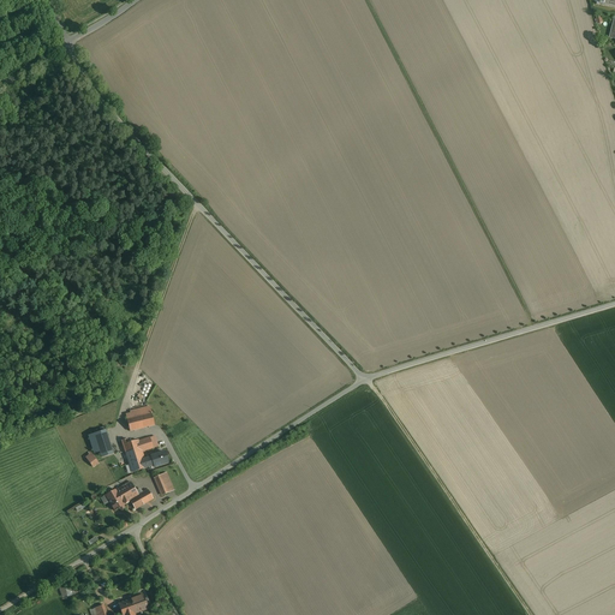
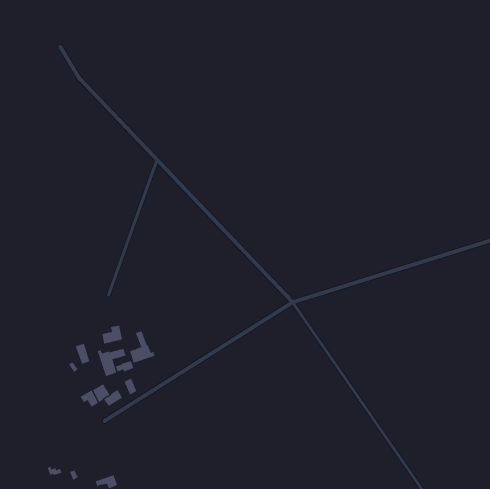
building: none -> [129,331,156,363]

